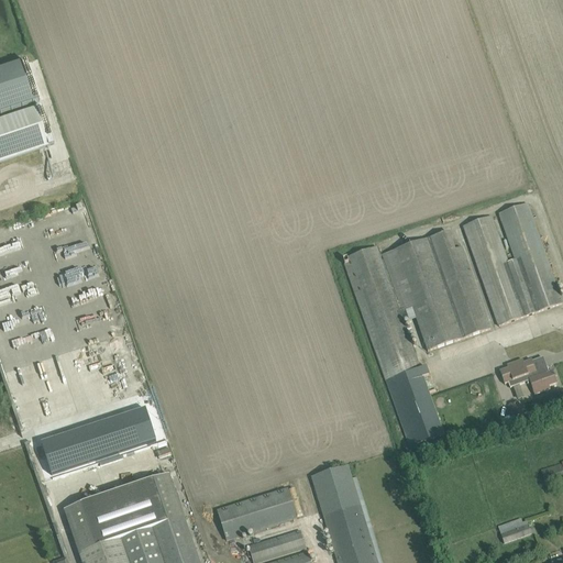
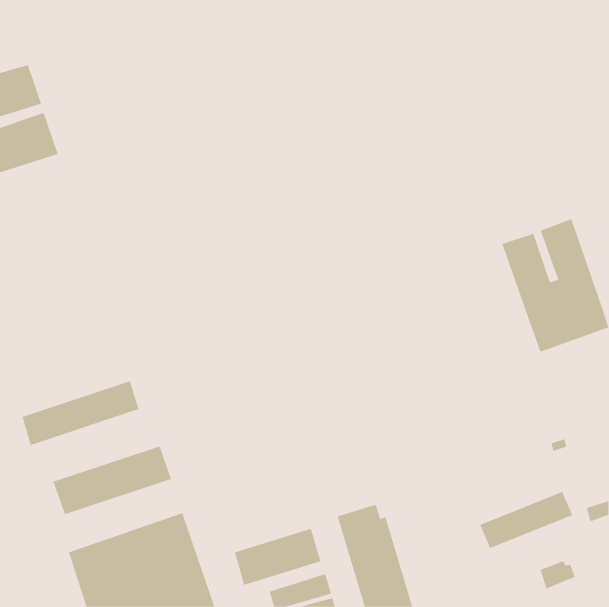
building: [343,230,489,445] -> none
building: none -> [22,380,139,446]
building: [498,357,556,393] -> none
building: none -> [479,491,573,549]

